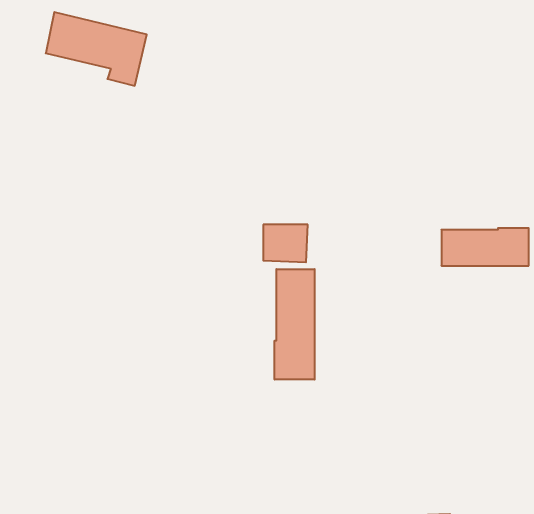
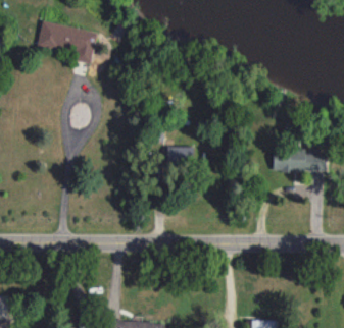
building: [275,269,315,380] -> none

